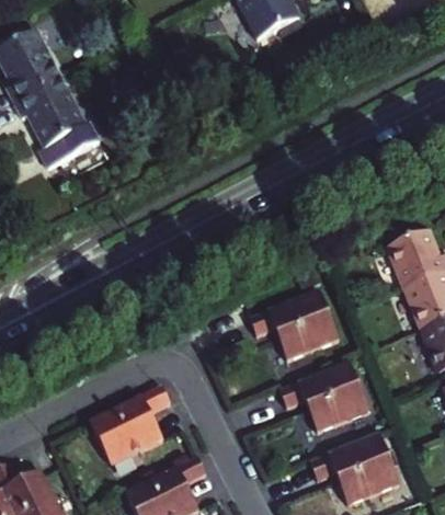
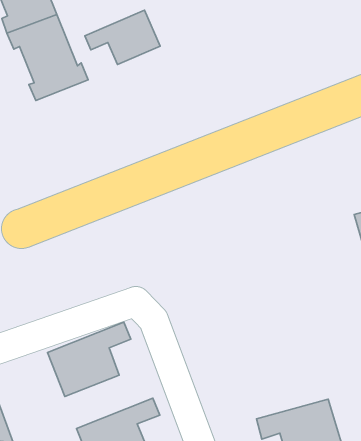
building: none -> [85,10,160,65]
building: [247,290,336,360] -> none
building: [277,363,367,433] -> none

